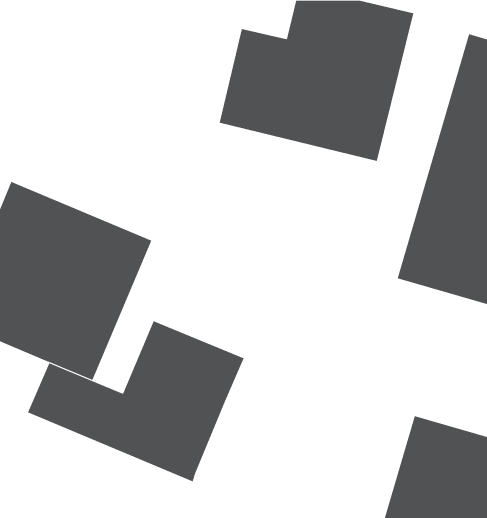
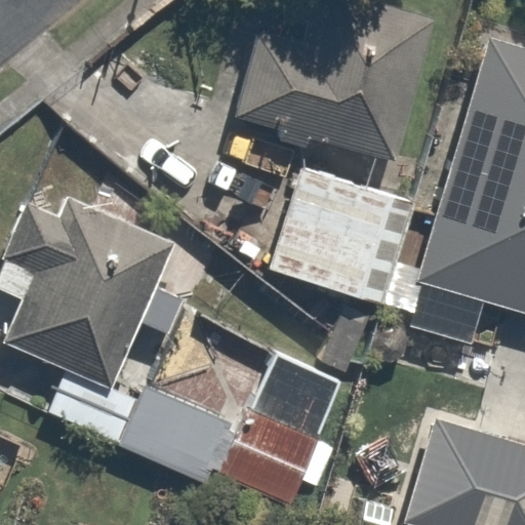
building: none -> [265,163,419,307]
building: none -> [216,404,339,515]

